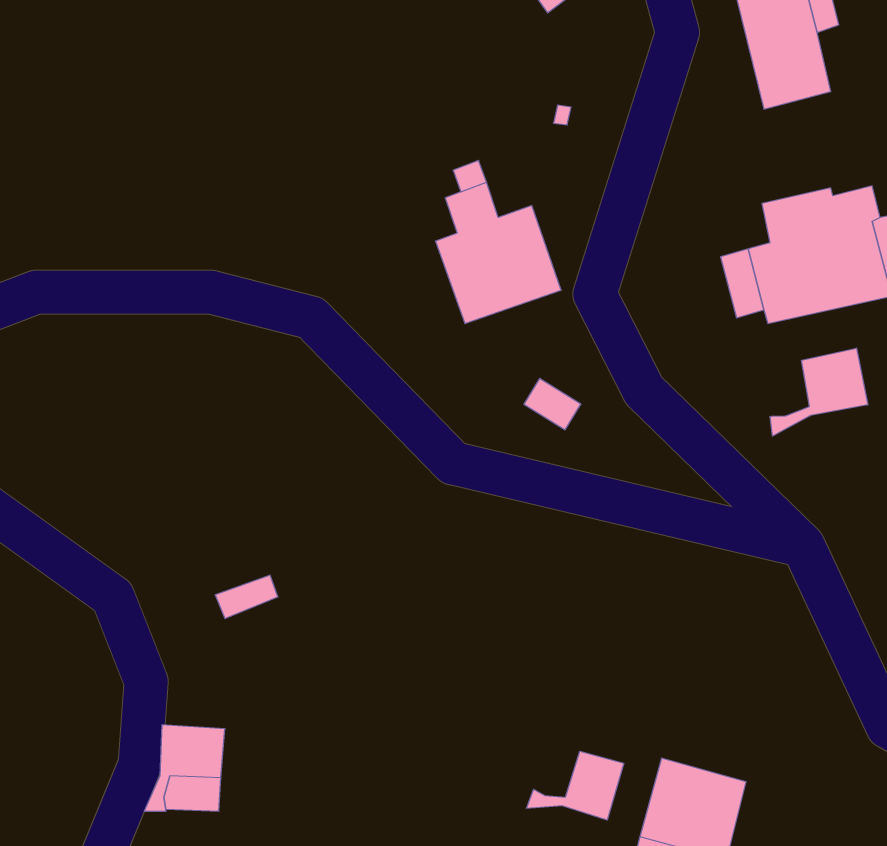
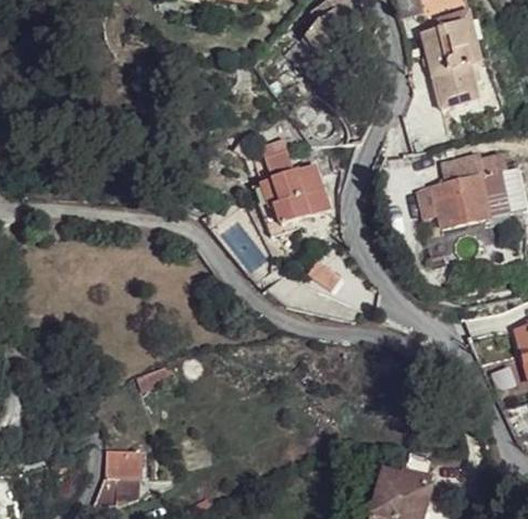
building: [770,348,868,436] -> none
building: [527,751,624,820] -> none

